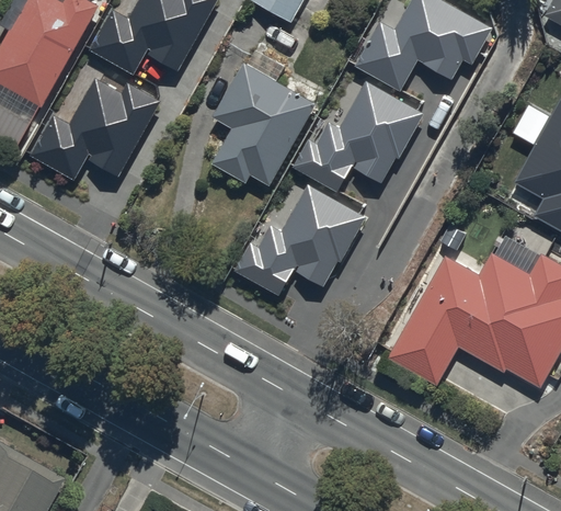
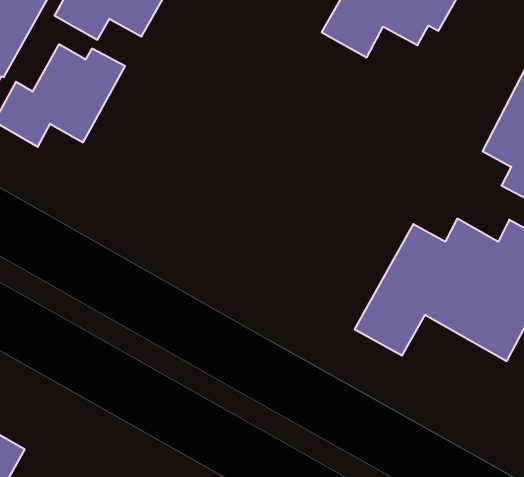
building: [213,54,314,185] -> none
building: [291,80,423,192] -> none
building: [233,184,364,295] -> none

